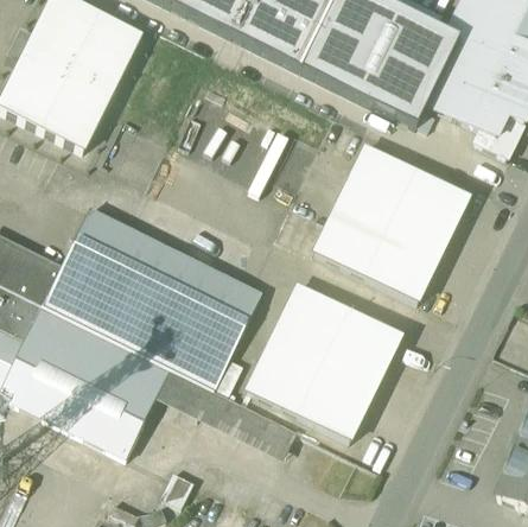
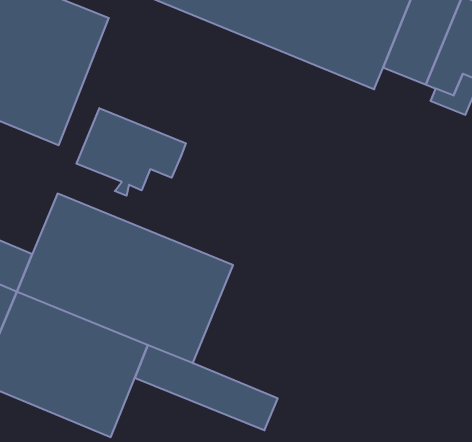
building: none -> [76,108,186,196]
building: [313,144,467,299] -> none
building: [247,284,400,438] -> none

